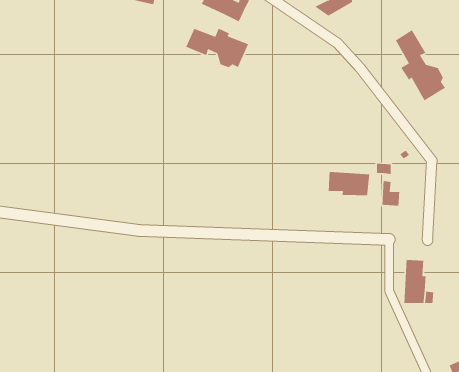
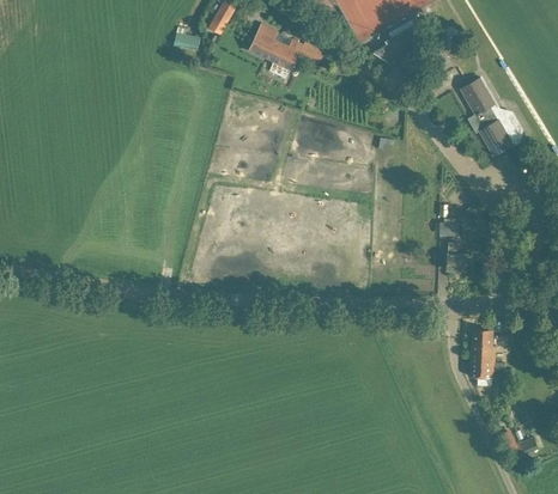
building: [185,28,249,68] -> none
building: [328,171,370,196] -> none

